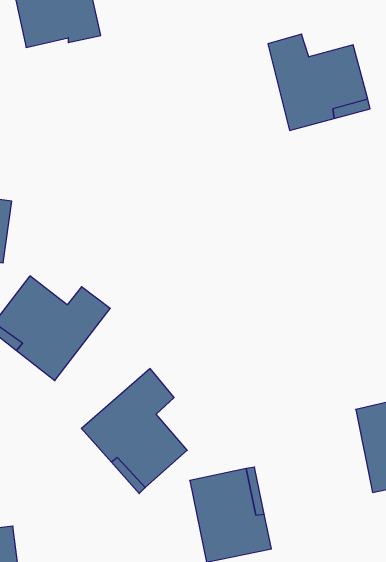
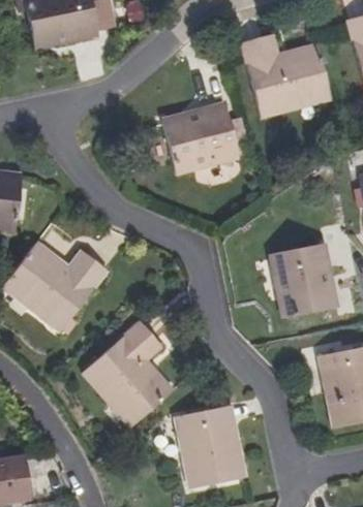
building: none -> [162,103,238,175]
building: none -> [270,243,333,318]

